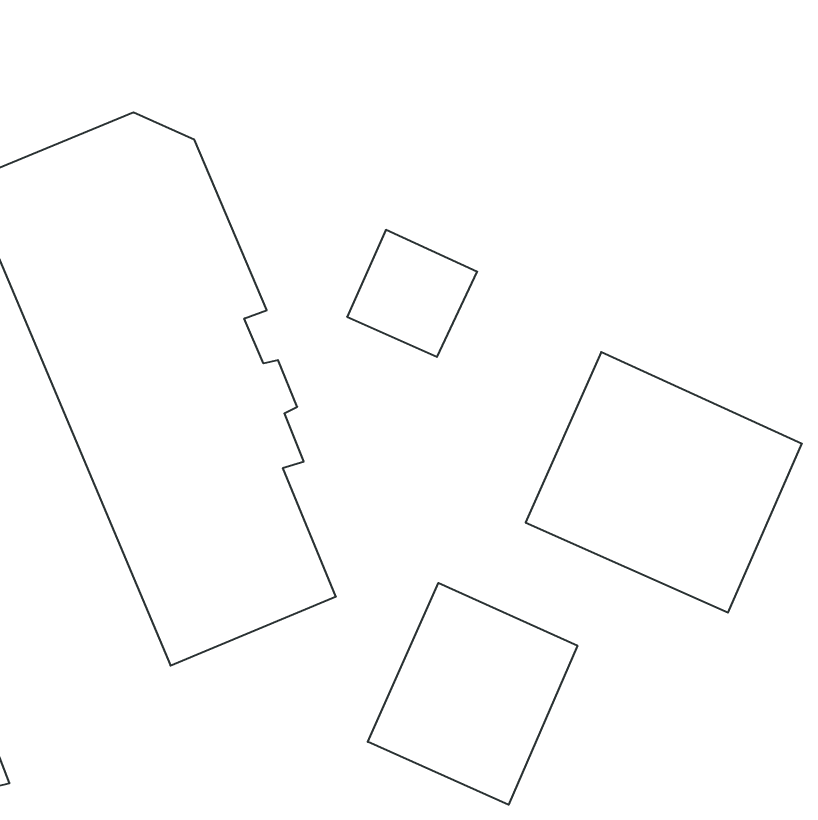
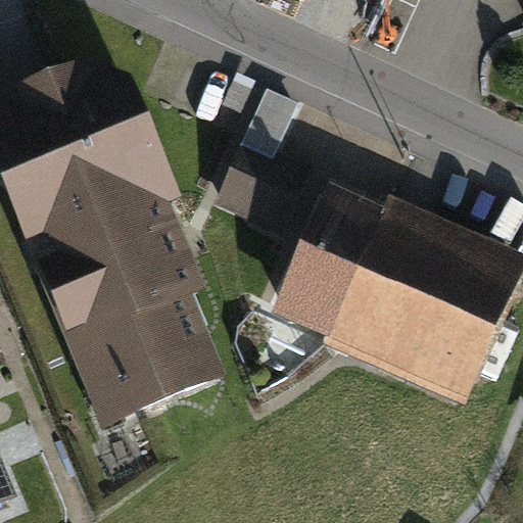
building: none -> [284,203,386,333]
building: [368,583,577,805] -> none

